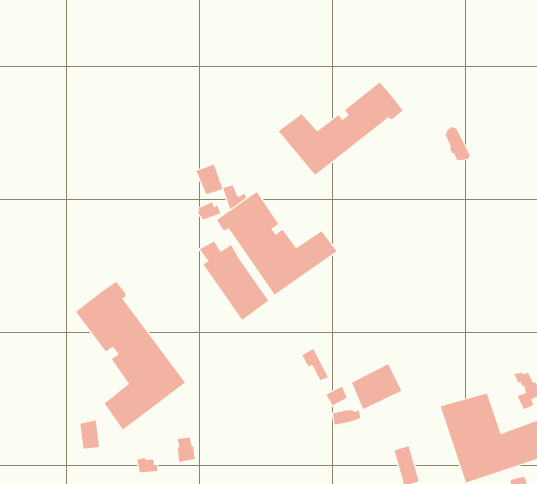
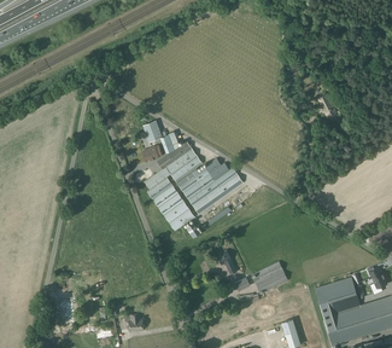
building: [278,81,404,176] -> none
building: [75,281,186,431] -> none

